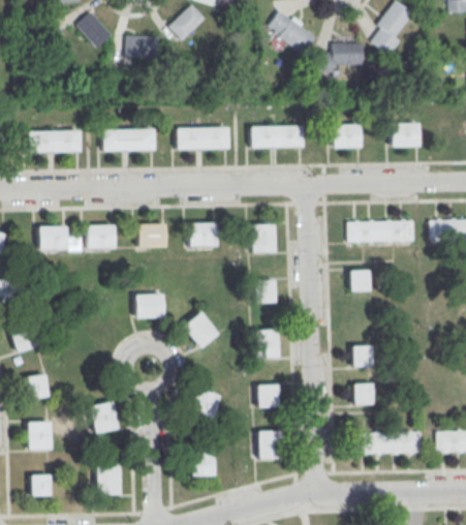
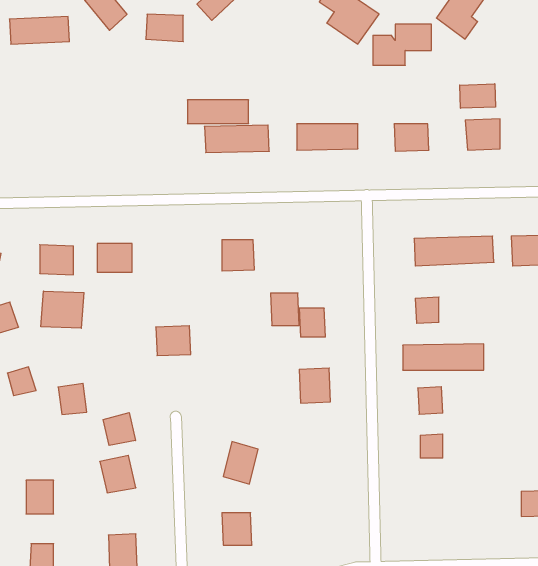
building: none -> [460,84,495,108]
building: [103,130,154,150] -> [187,100,249,124]
building: [31,131,81,154] -> [9,17,69,44]
building: [137,224,167,250] -> none
building: [252,224,276,251] -> [271,293,299,325]
building: none -> [41,291,84,328]
building: [184,312,219,347] -> none
building: none -> [103,413,135,445]
building: [25,374,49,400] -> [58,383,87,414]
building: [257,383,280,407] -> none
building: [258,430,288,459] -> none
building: [354,431,422,453] -> [403,344,484,370]

